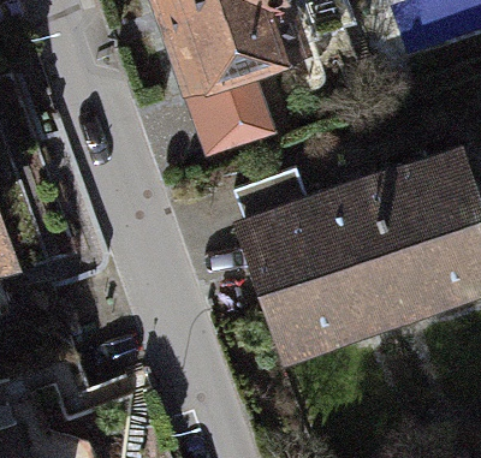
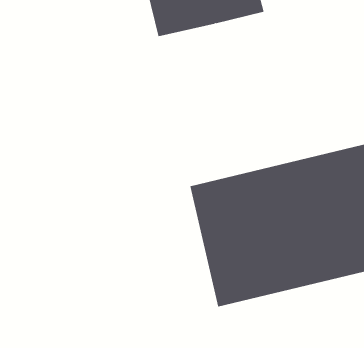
building: [182,61,275,157] -> none

